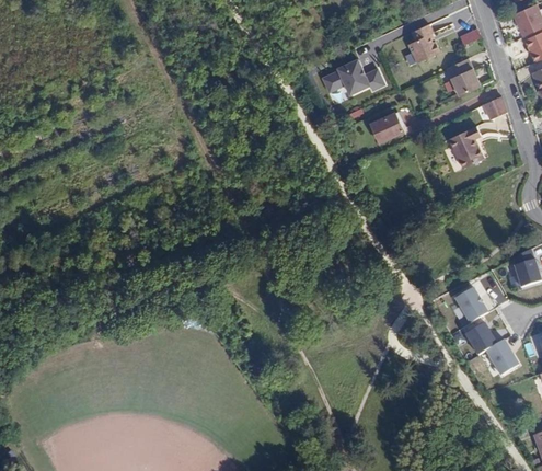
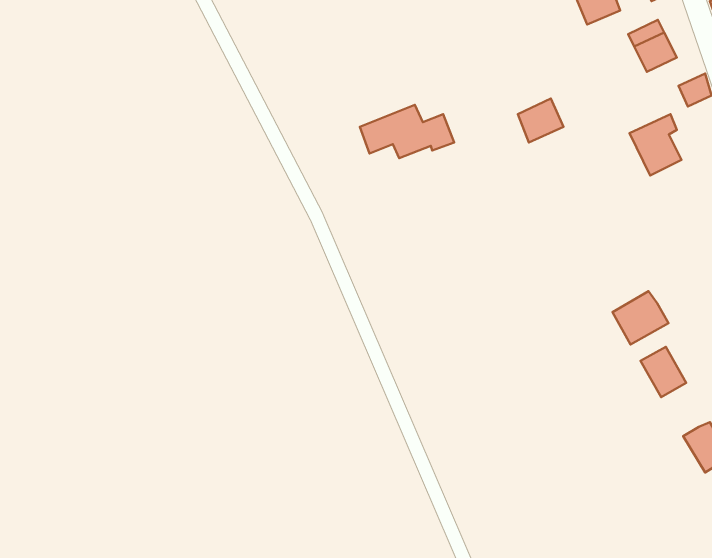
building: [319,59,384,96] -> [360,105,454,158]
building: none -> [613,291,669,345]
building: [465,321,496,353] -> none

